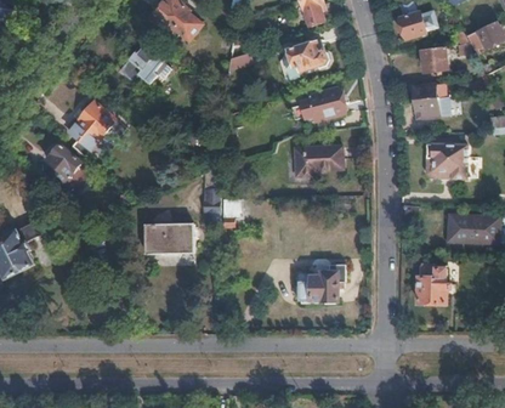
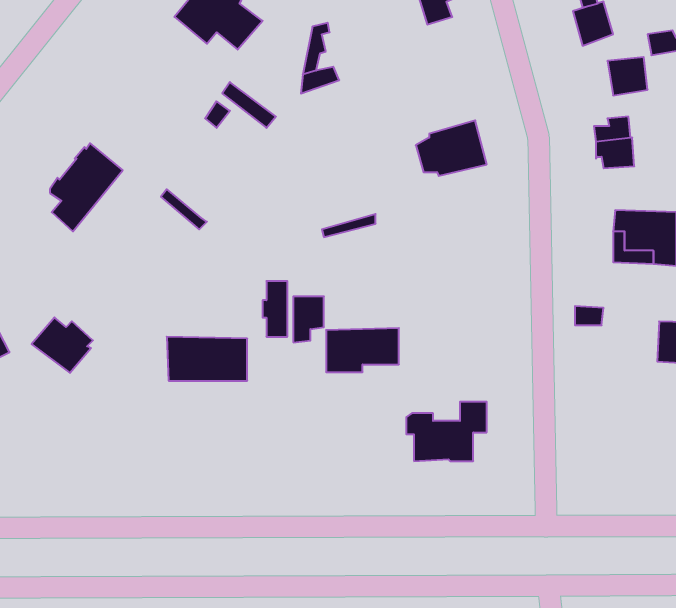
building: [285,39,330,74] -> none
building: [118,46,164,84] -> none
building: [44,142,83,177] -> [32,317,93,373]
building: [295,146,341,174] -> [326,328,399,372]
building: [416,265,446,304] -> none

